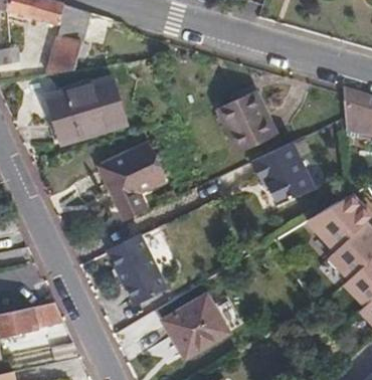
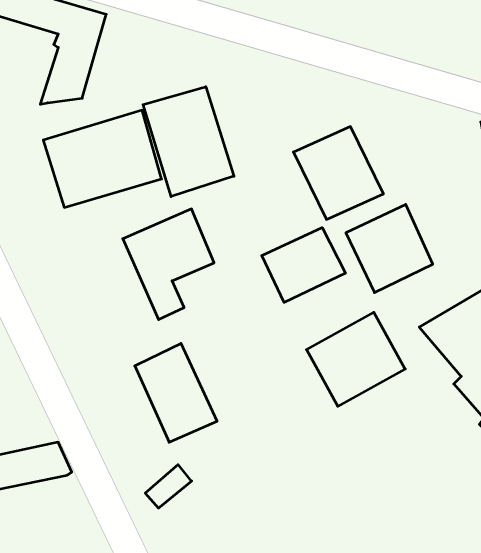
building: none -> [143,87,234,197]
building: none -> [262,228,345,302]
building: [163,293,229,356] -> [306,312,405,406]

